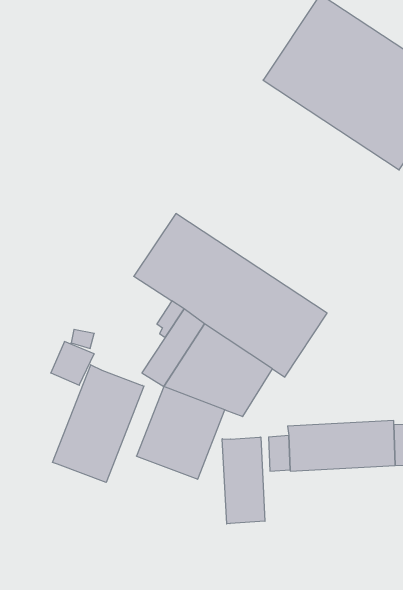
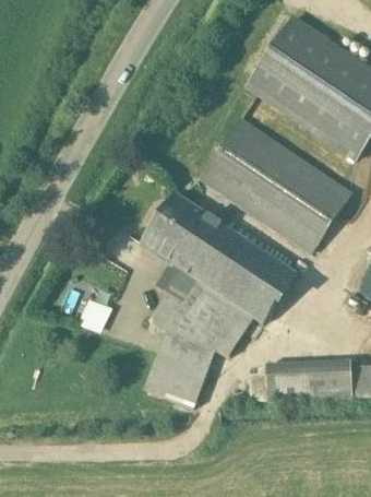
building: none -> [201,119,350,252]
building: [53,365,144,482] -> none
building: [222,437,265,524] -> none

